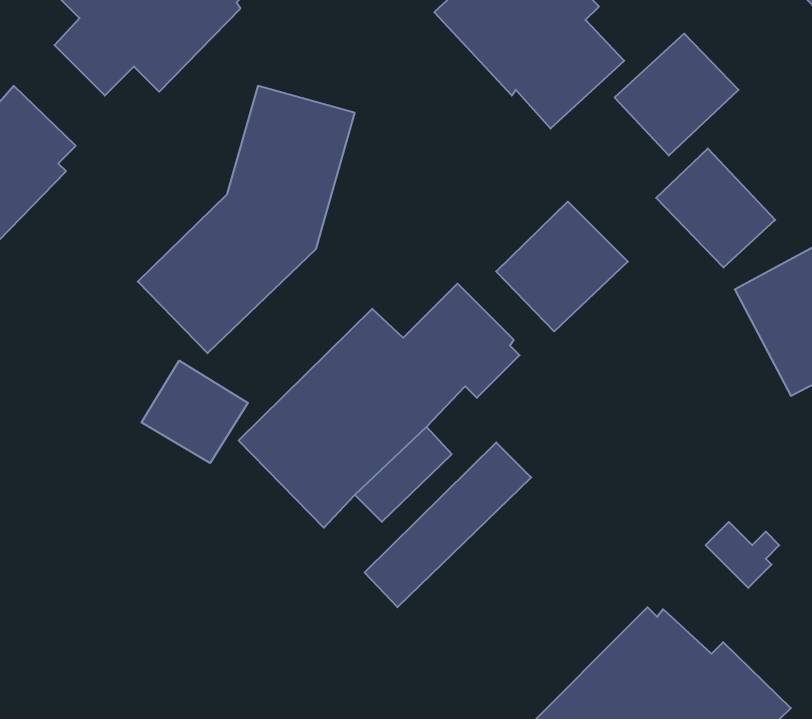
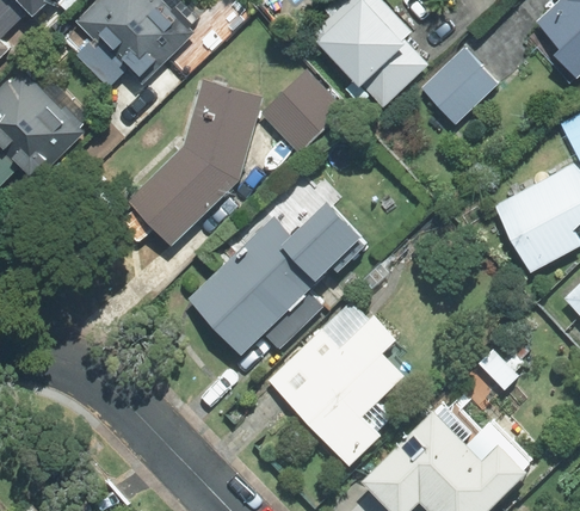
building: [656,148,775,268] -> none
building: [496,202,628,331] -> [261,70,343,150]
building: [142,361,248,463] -> none
building: none -> [288,318,403,464]

